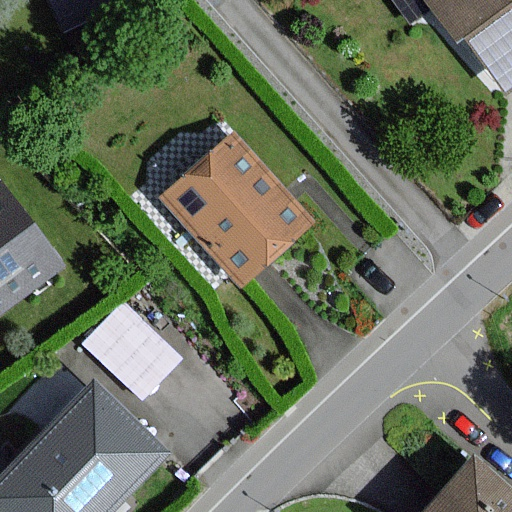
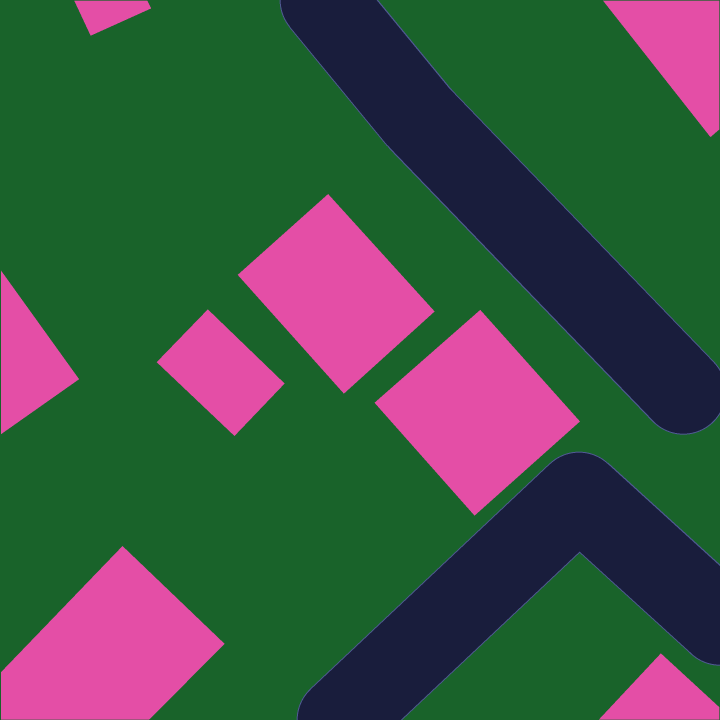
building: none -> [374,309,581,517]
building: [85,307,177,398] -> [156,309,285,437]

